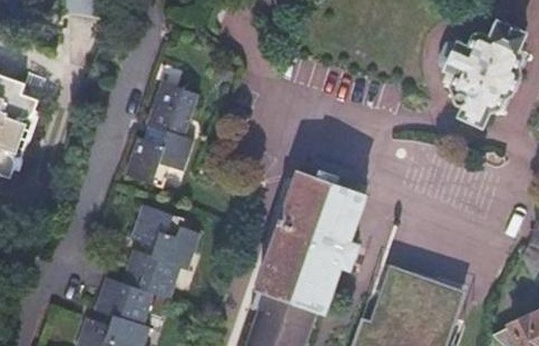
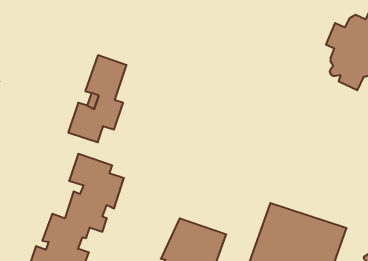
building: [263,164,382,309] -> none

